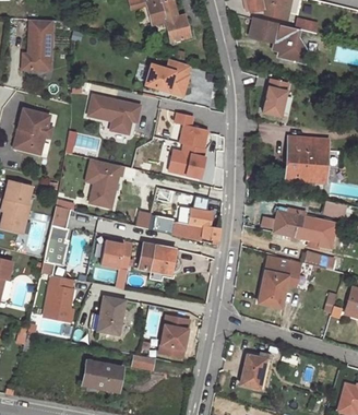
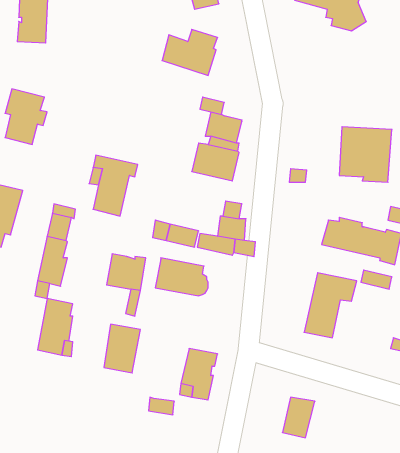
building: [263,79,288,117] -> none
building: [87,94,141,133] -> none
building: [84,360,123,391] -> none

